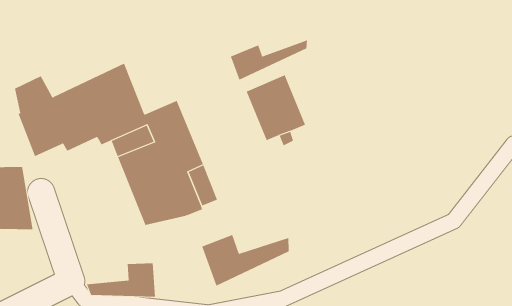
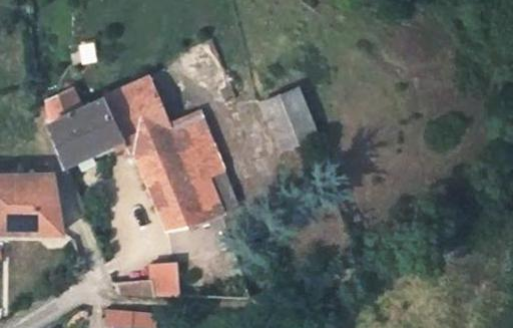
building: [230,40,308,80] -> none
building: [201,234,289,287] -> none

